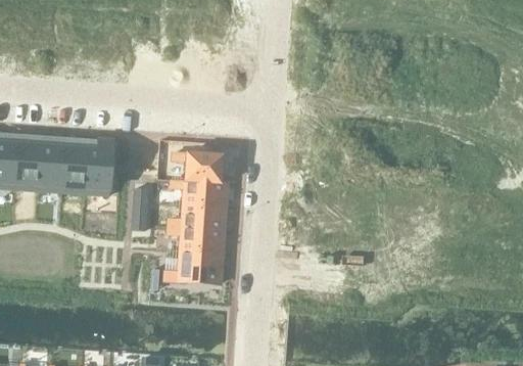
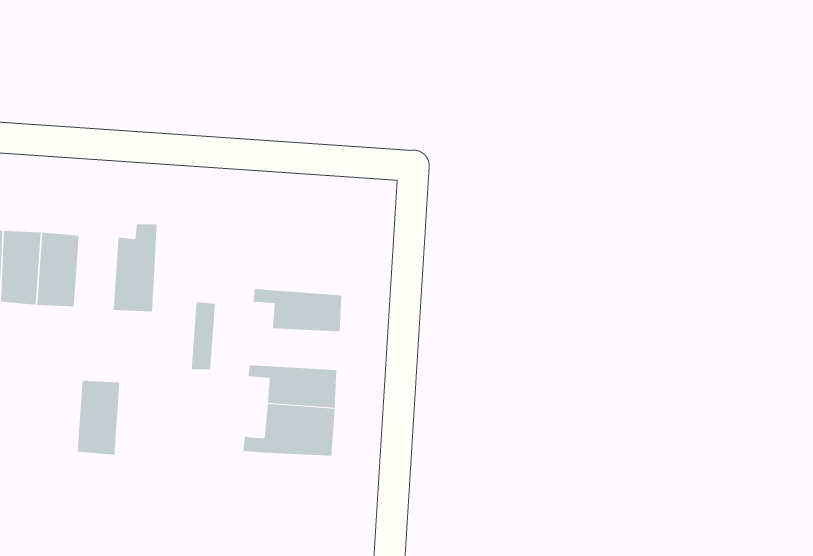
building: [61,146,88,192] -> [77,380,120,455]
building: [173,151,226,183] -> none
building: [169,203,225,229] -> none

